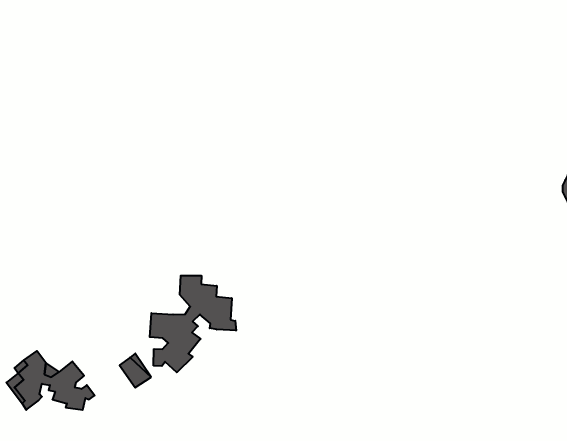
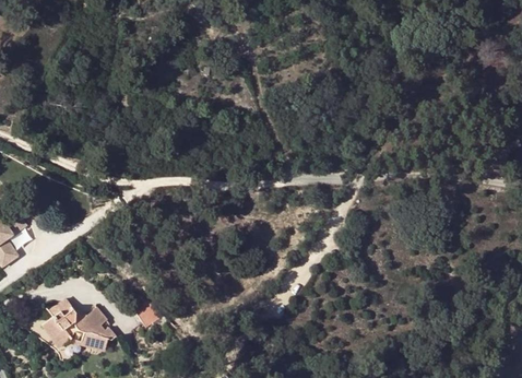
building: [150,276,236,372] -> none

